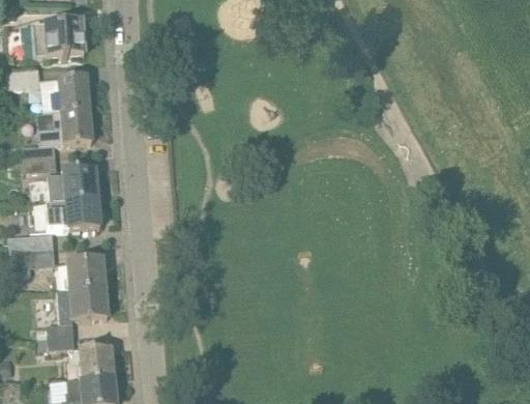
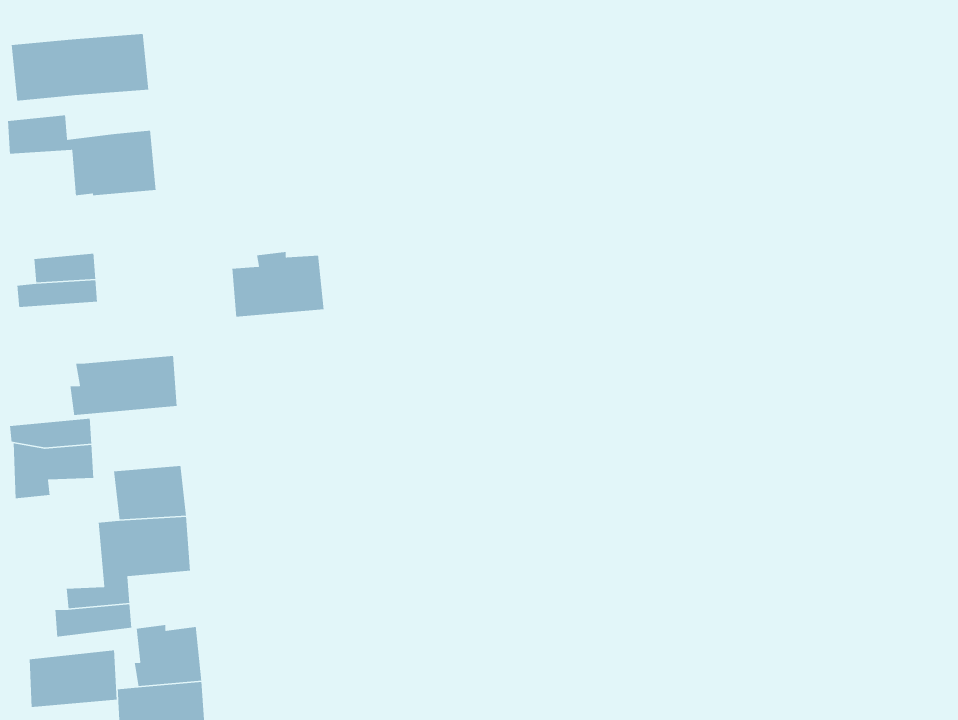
building: [55,107,93,142] -> none
building: [49,165,99,201] -> [232,251,324,317]
building: none -> [29,649,117,708]

